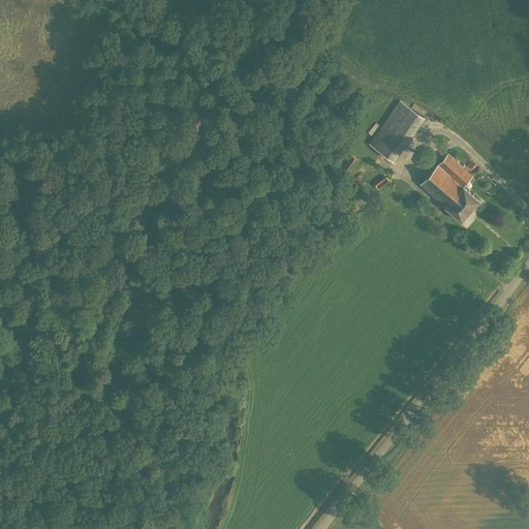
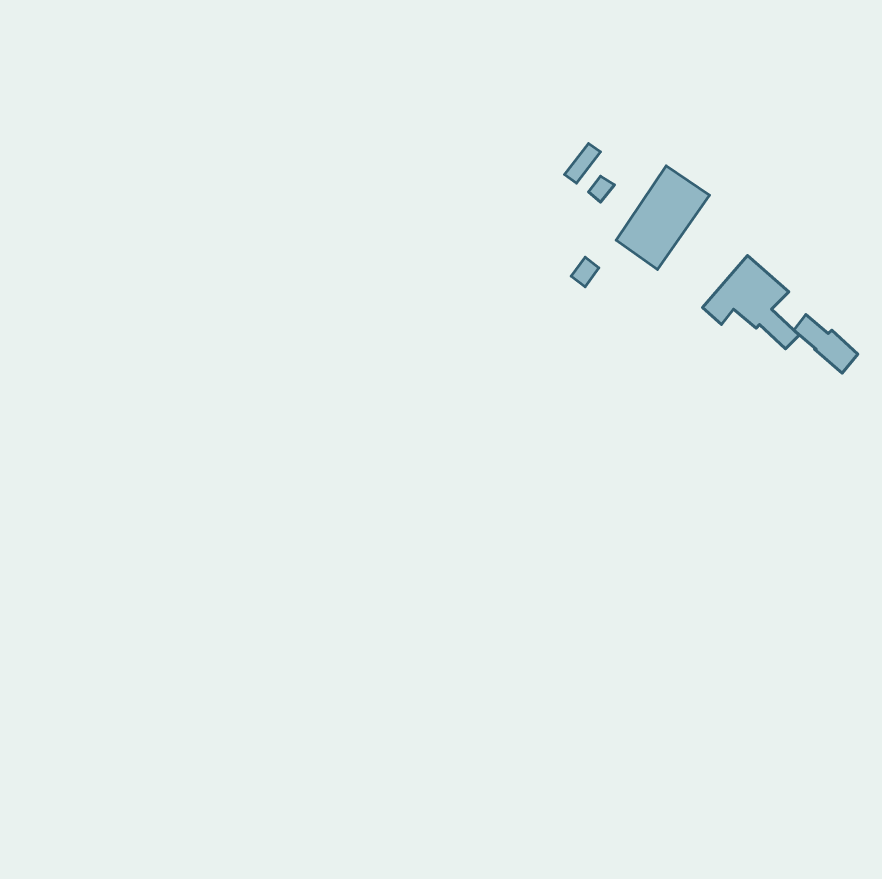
building: [432,187,470,222] -> [794,314,858,373]

